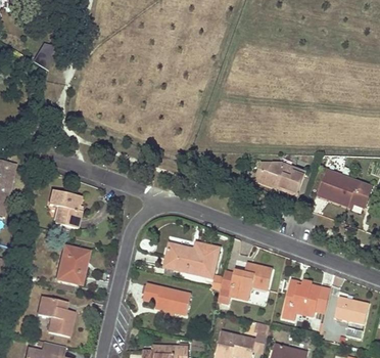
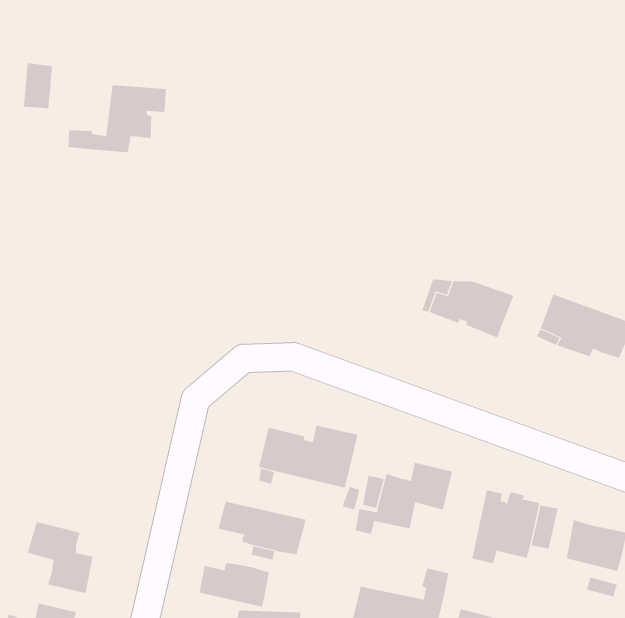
building: none -> [68,85,166,153]
building: [48,189,81,227] -> none
building: [57,245,88,283] -> none
building: none -> [199,563,270,608]

